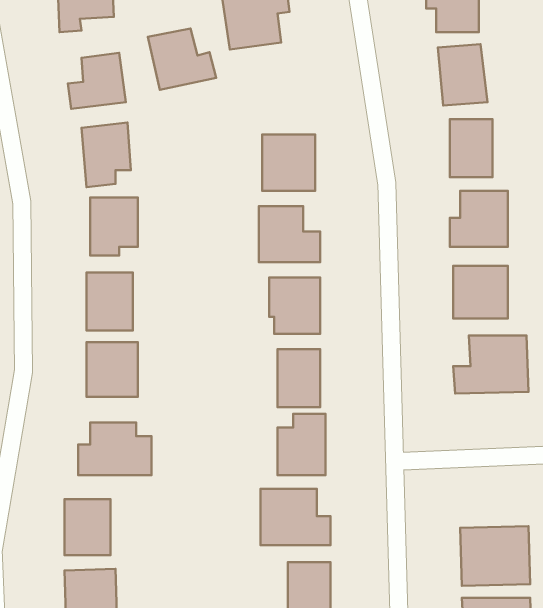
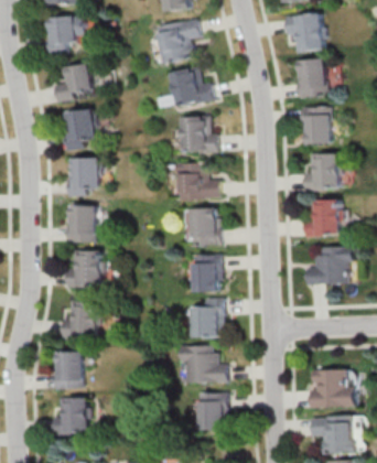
building: [148,28,216,90] -> [169,67,213,107]

